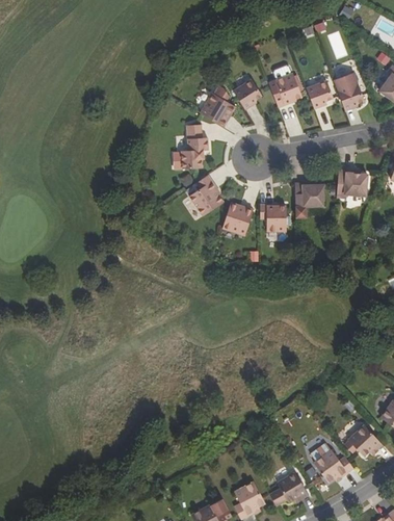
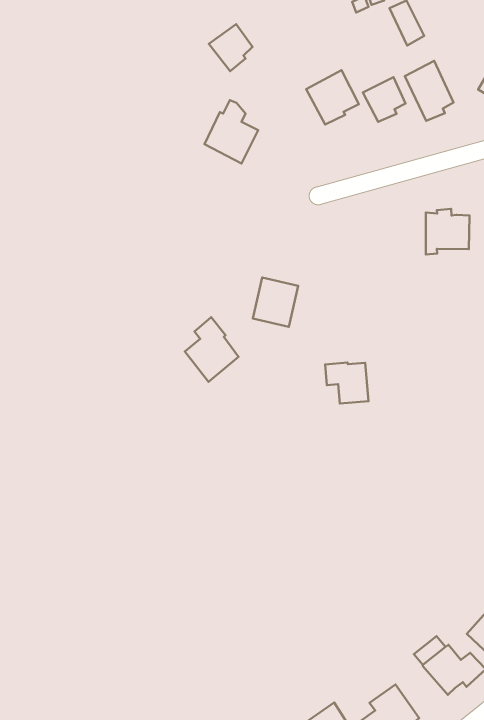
building: [232,79,260,109] -> [209,24,252,71]
building: [175,125,208,170] -> none
building: [189,175,224,216] -> [185,317,238,382]
building: [294,182,324,218] -> none
building: [259,205,285,231] -> [325,363,368,403]

